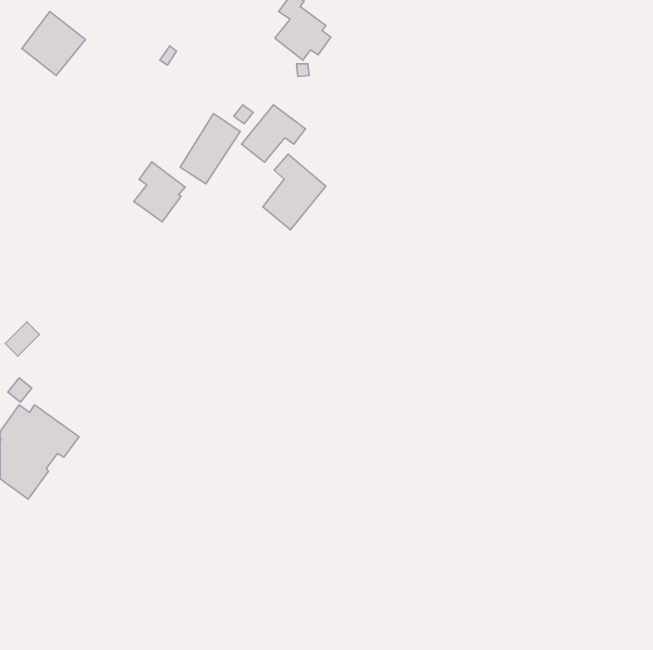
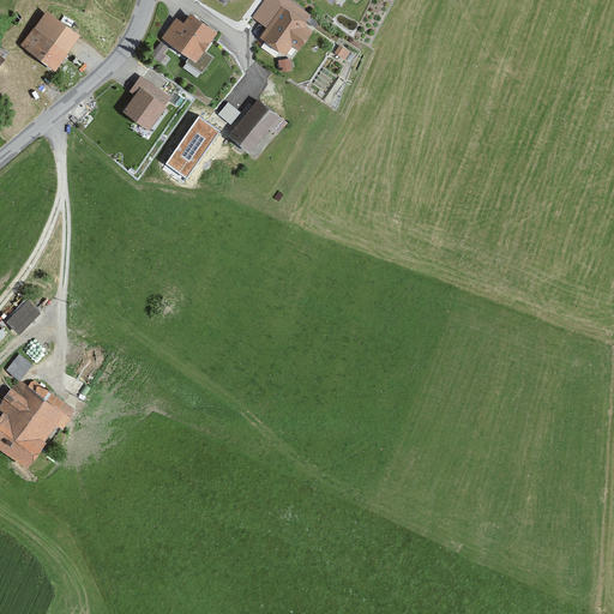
building: none -> [161,13,216,62]
building: [263,154,326,230] -> none
building: [134,162,185,222] -> [122,74,170,131]

